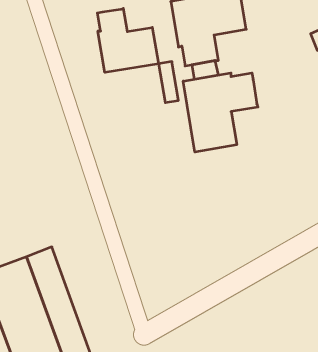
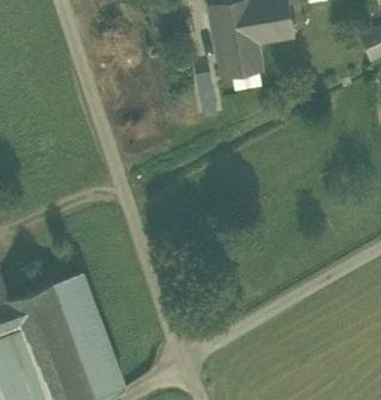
building: [97,8,159,72] -> none
building: [183,73,258,152] -> none

